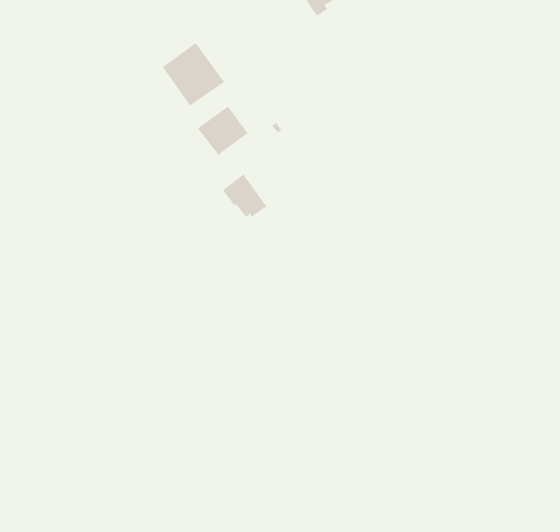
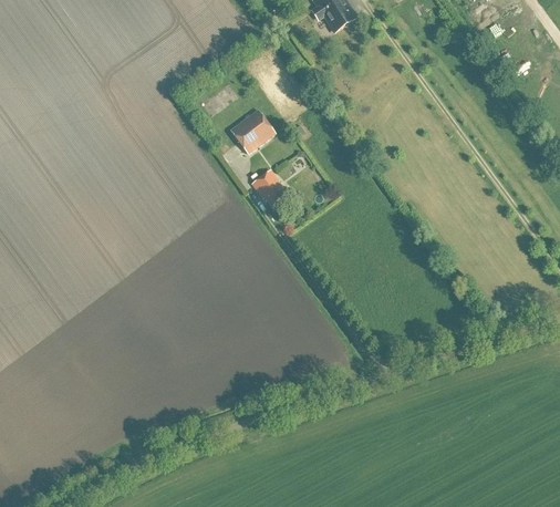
building: [162,42,225,106] -> none

